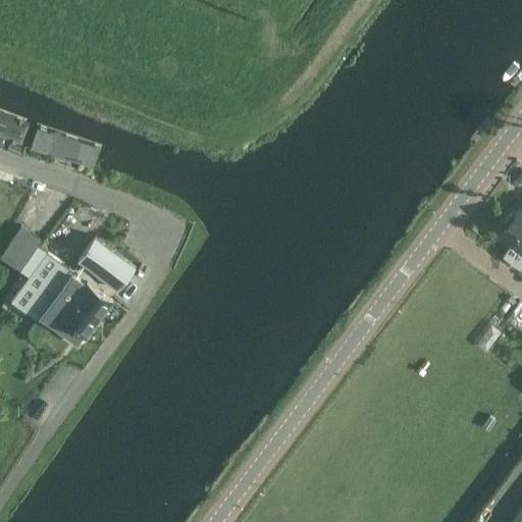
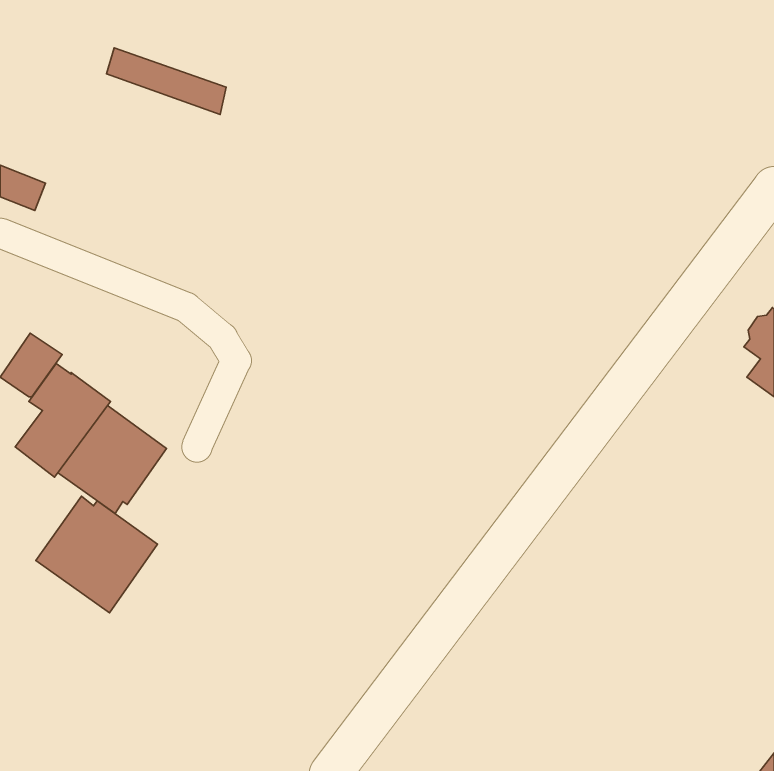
building: [32,127,112,172] -> [107,48,226,115]
building: [75,239,136,294] -> none
building: none -> [36,496,157,613]

